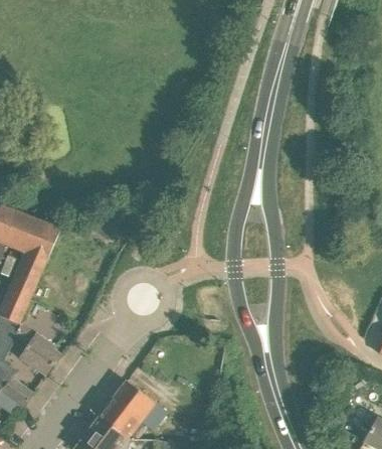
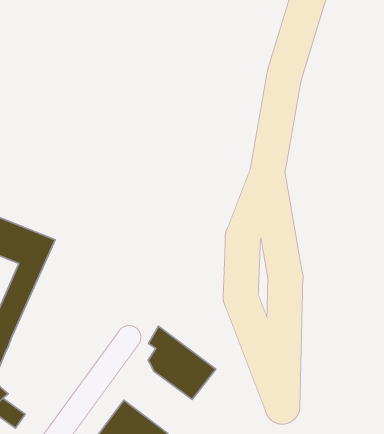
building: none -> [148,326,216,399]
building: [14,322,59,375] -> none

